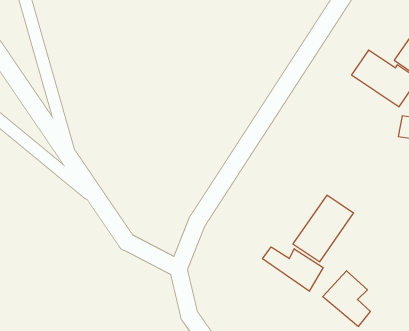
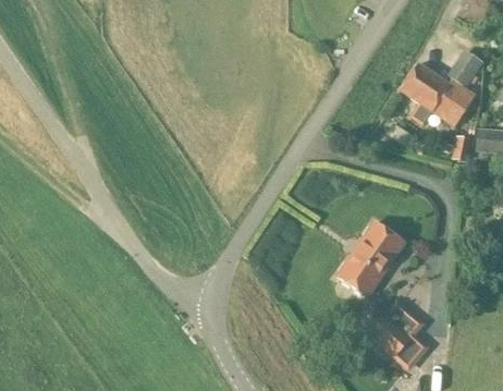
building: [263,247,323,291] -> none

